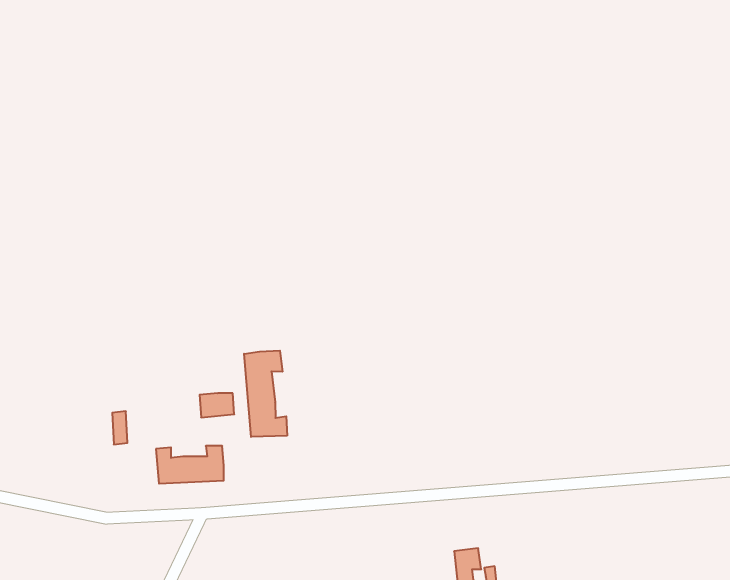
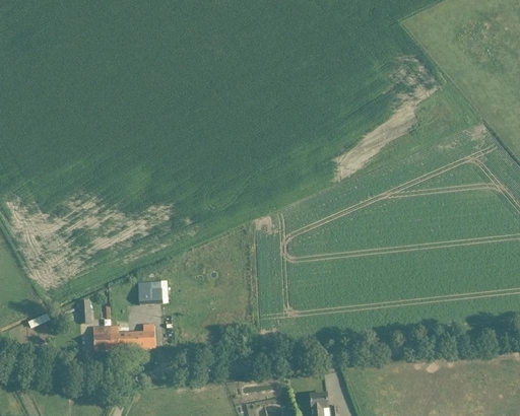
building: [244,351,287,437] -> none
building: none -> [92,325,111,349]

